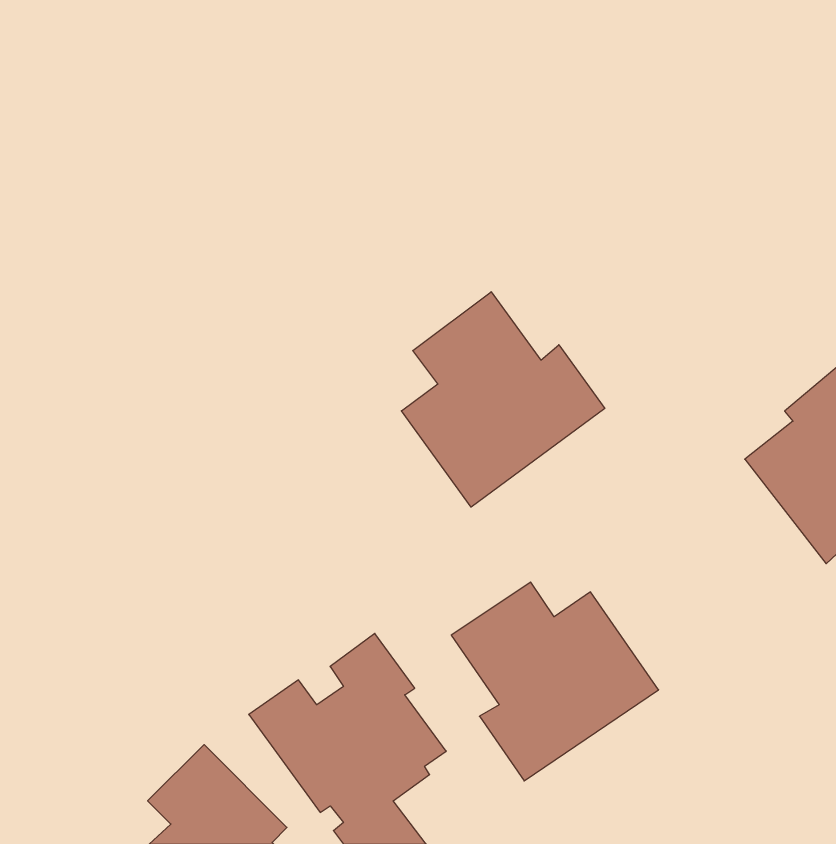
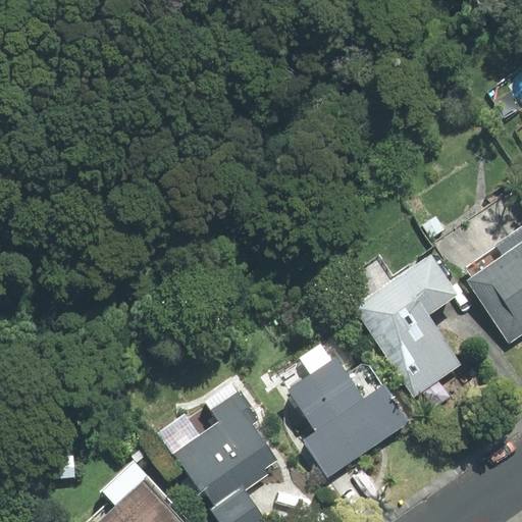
building: [401,292,605,507] -> none
building: none -> [351,254,462,399]

